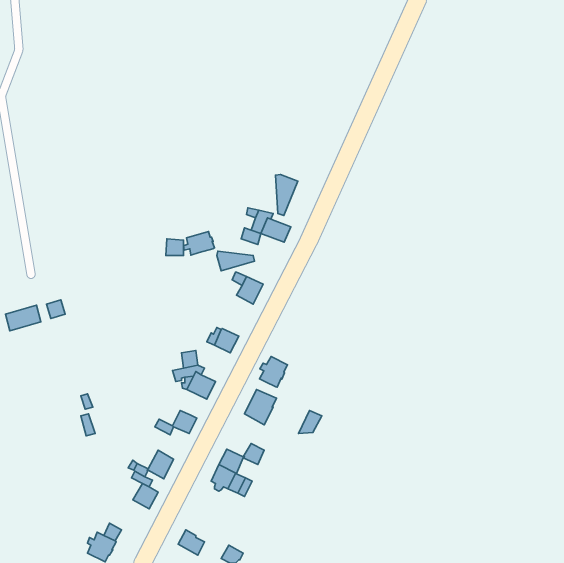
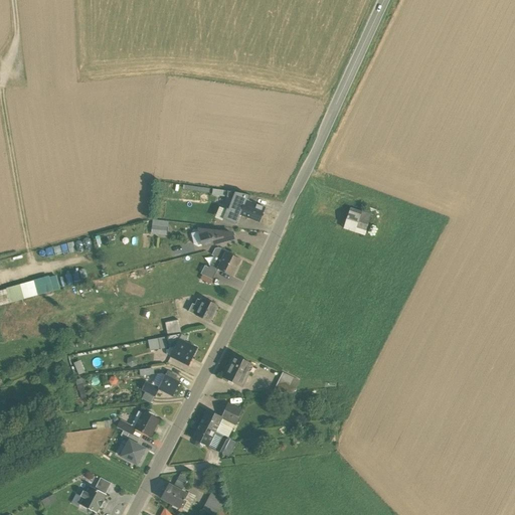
building: [275,174,298,216] -> none
building: none -> [344,208,367,232]
building: [184,232,214,255] -> none
building: [259,357,287,387] -> none

